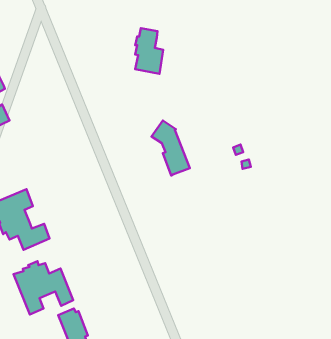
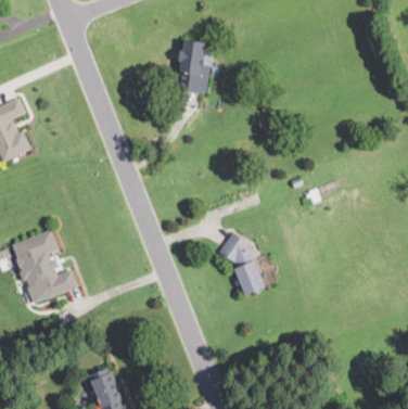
building: [152,121,190,176] -> [220,233,265,297]
building: [14,261,73,315] -> none

